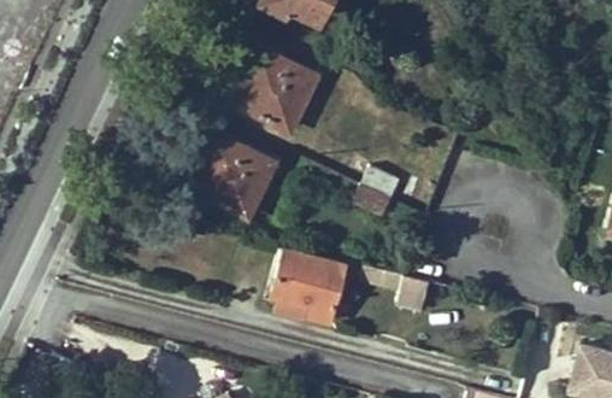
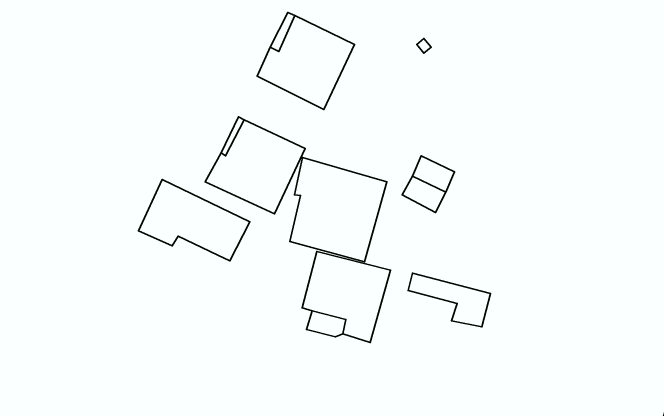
building: none -> [290,157,387,262]
building: none -> [138,180,250,261]

